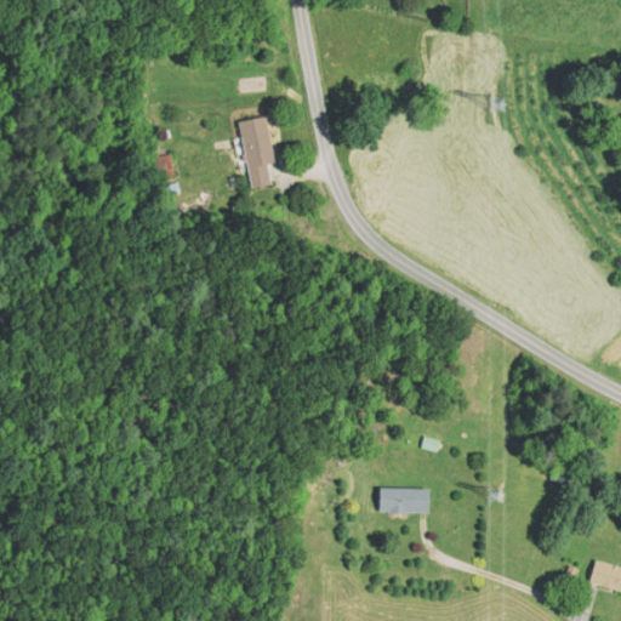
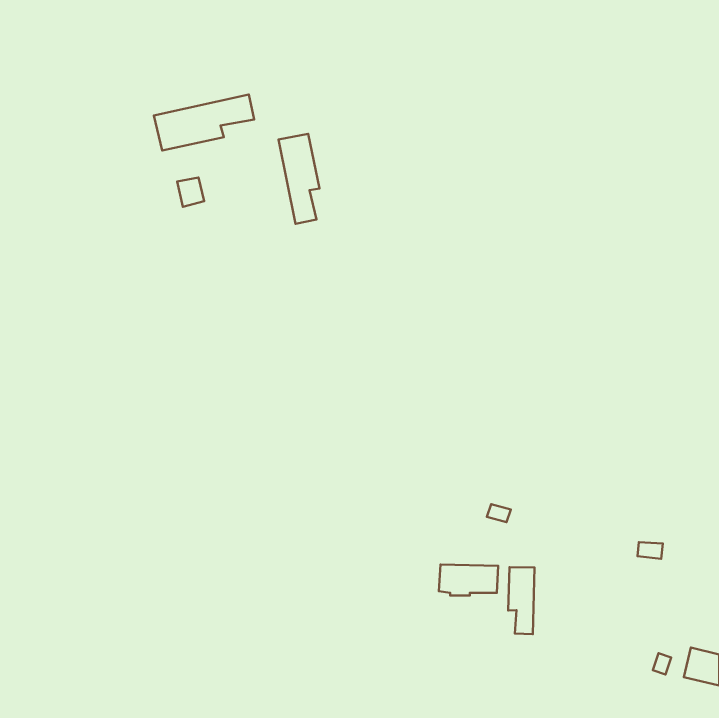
building: none -> [154,95,254,150]
building: none -> [508,567,534,634]

